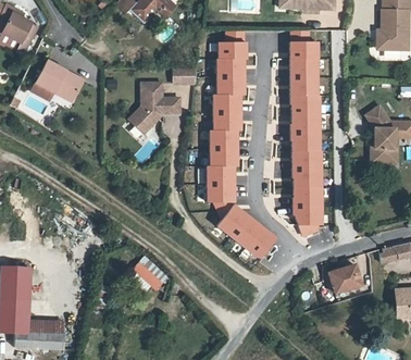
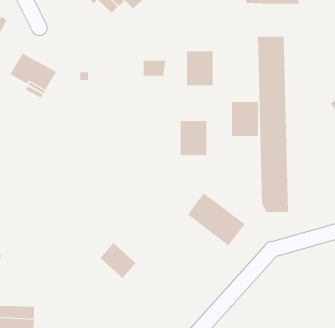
building: [219,32,248,59] -> none
building: [128,83,180,135] -> none
building: [214,95,242,131] -> [231,101,259,136]
building: [208,166,236,202] -> none
building: [333,266,361,293] -> none

